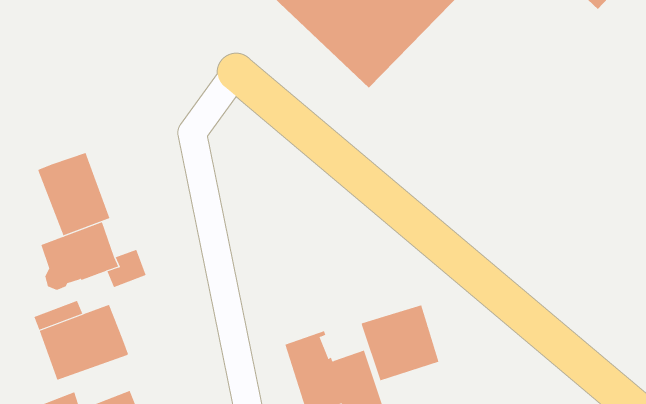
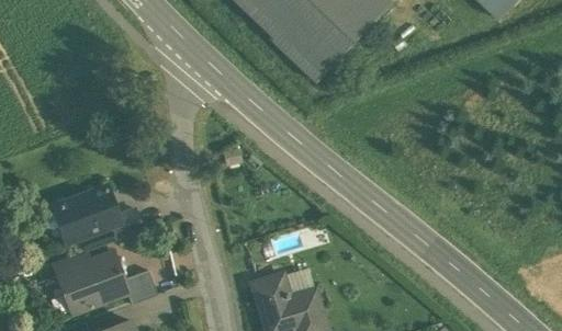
building: [38,152,110,236] -> none
building: [361,305,439,381] -> none
building: none -> [124,269,158,304]

